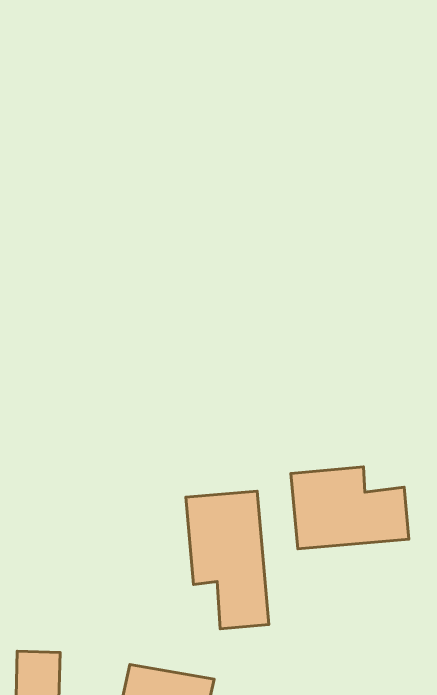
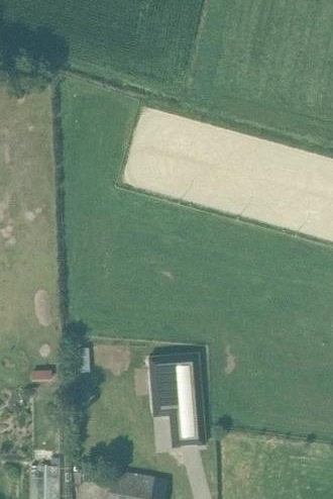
building: [291,467,409,549] -> none

